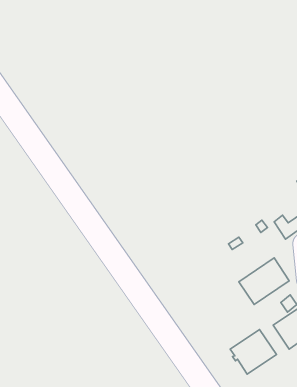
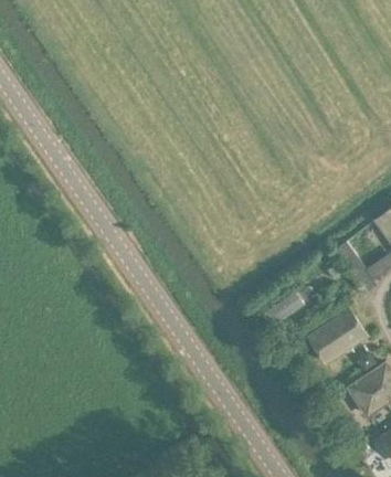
building: [230,330,276,374] -> none

